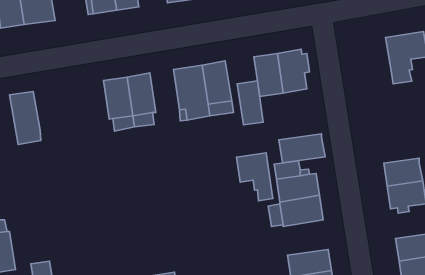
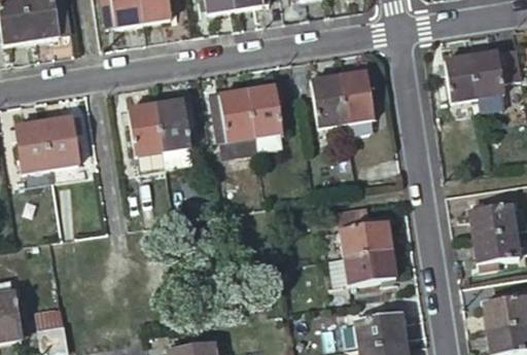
building: none -> [445,55,479,102]
building: [237,81,263,125] -> none
building: none -> [42,116,77,168]
building: [279,134,325,163] -> none
building: [237,153,273,201] -> none

